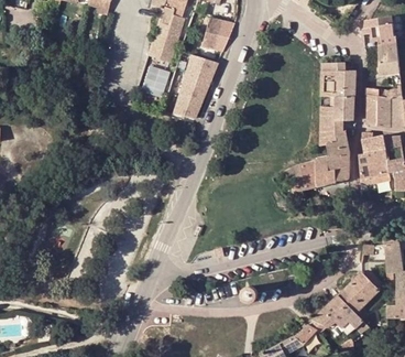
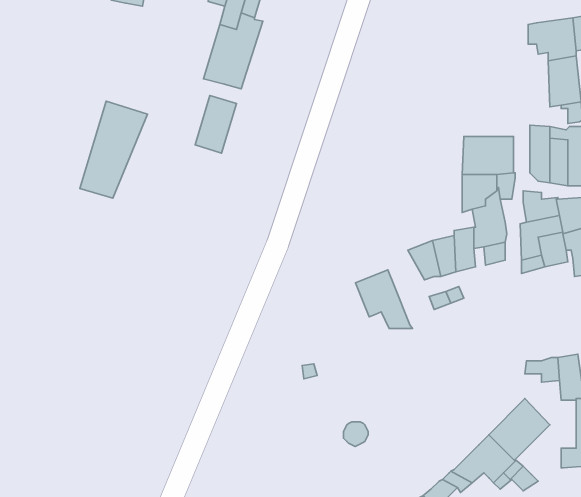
building: [203,18,234,52] -> none
building: [173,54,218,119] -> [80,101,147,198]
building: [322,63,357,96] -> none
building: none -> [356,270,412,329]

